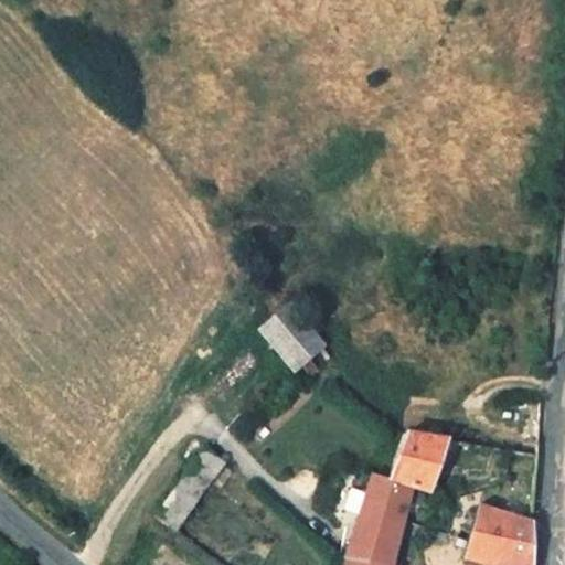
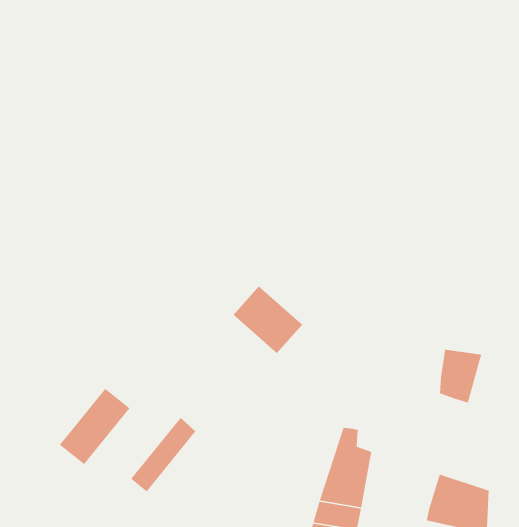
building: none -> [59,388,130,465]
building: [394,431,439,489] -> [439,349,482,403]

